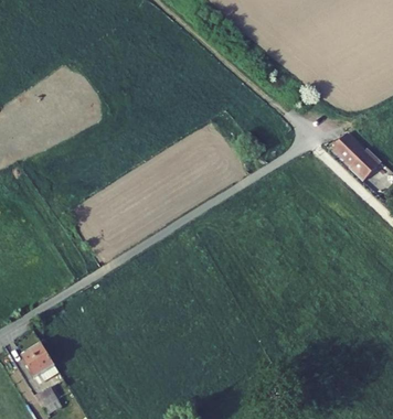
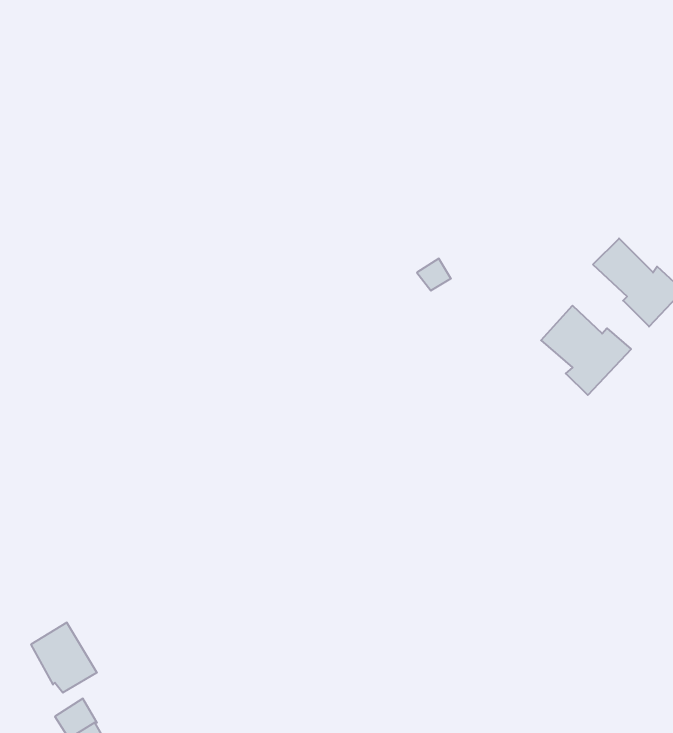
building: none -> [541,306,631,395]

